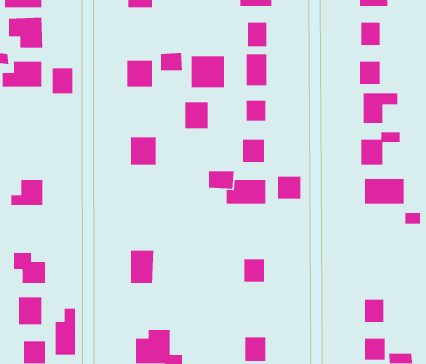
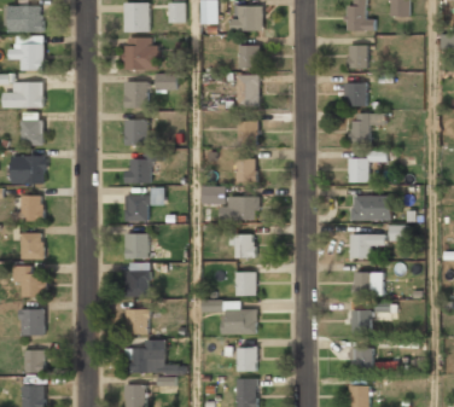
building: [191,55,225,88] -> [124,37,157,69]
building: [52,68,73,94] -> [22,120,42,145]
building: [184,101,208,129] -> [124,118,147,145]
building: none -> [12,156,46,185]
building: none -> [126,186,165,220]
building: [277,176,301,200] -> [232,236,255,258]
building: none -> [22,232,43,258]
building: none -> [126,233,149,260]
building: none -> [349,233,385,257]
building: none -> [351,272,383,296]
building: none -> [204,301,257,333]
building: none -> [126,309,149,333]
building: [55,308,76,355] -> none

